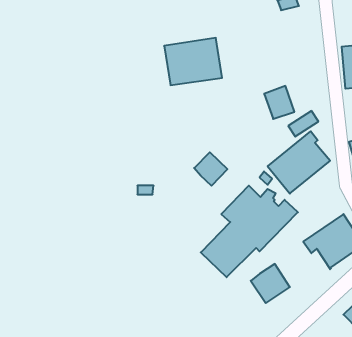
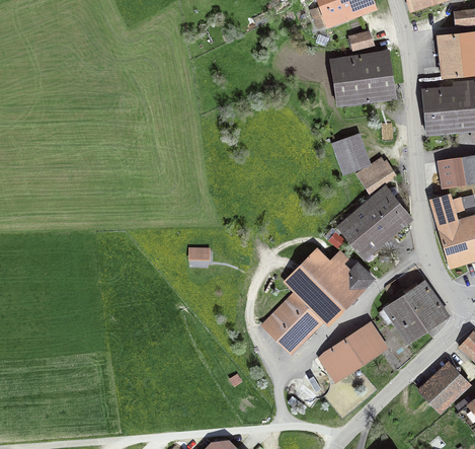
building: [164,38,222,85] -> [330,51,396,104]
building: [194,152,227,186] -> none
building: none -> [346,321,386,363]

